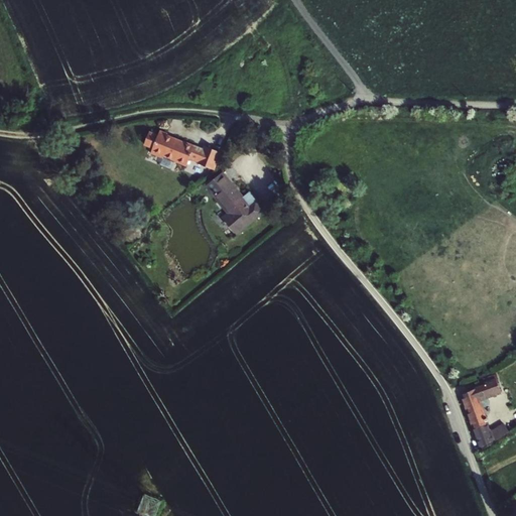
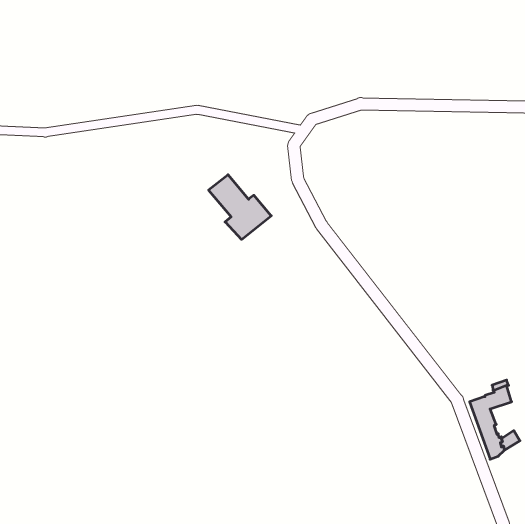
building: [144,130,222,169] -> none

